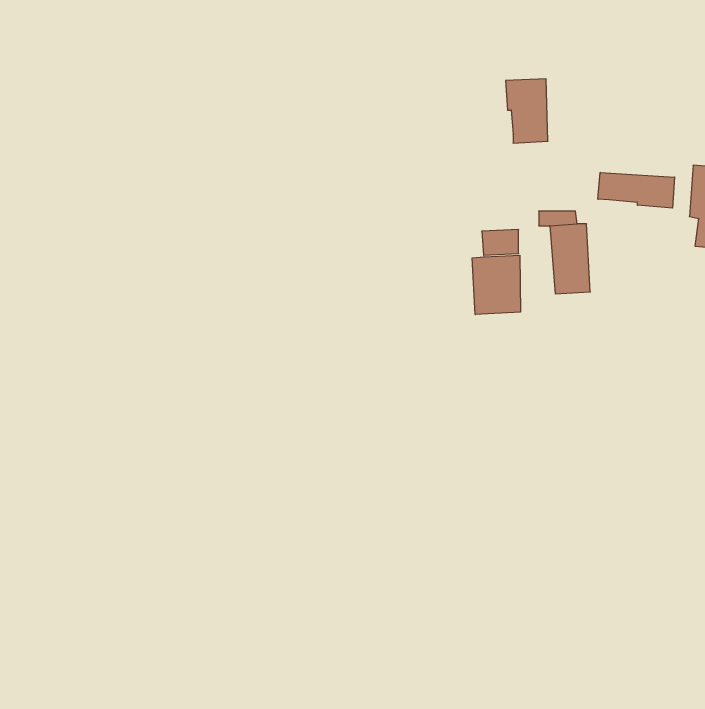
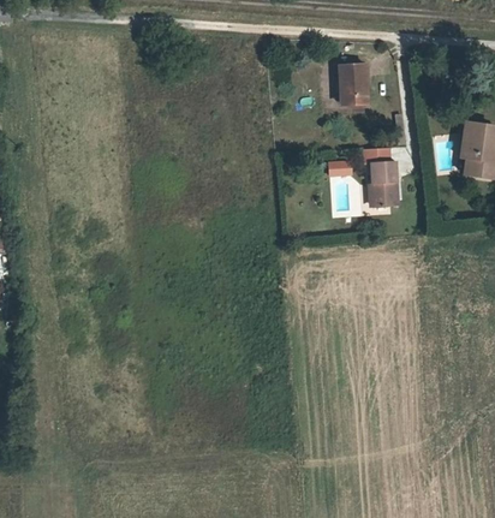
building: [598,172,675,208] -> none
building: [472,255,520,315] -> none

